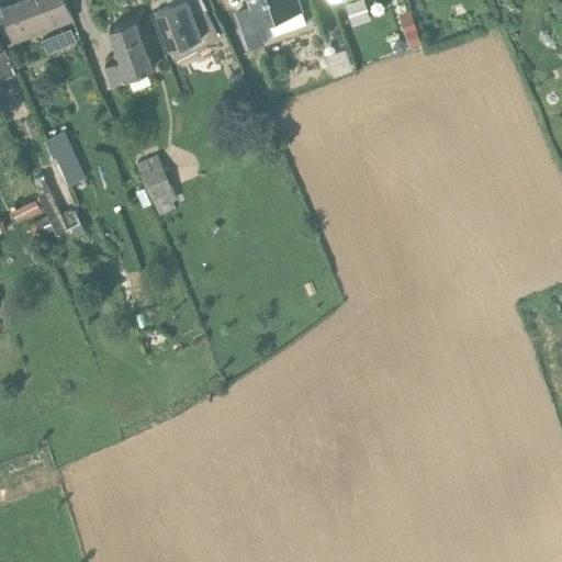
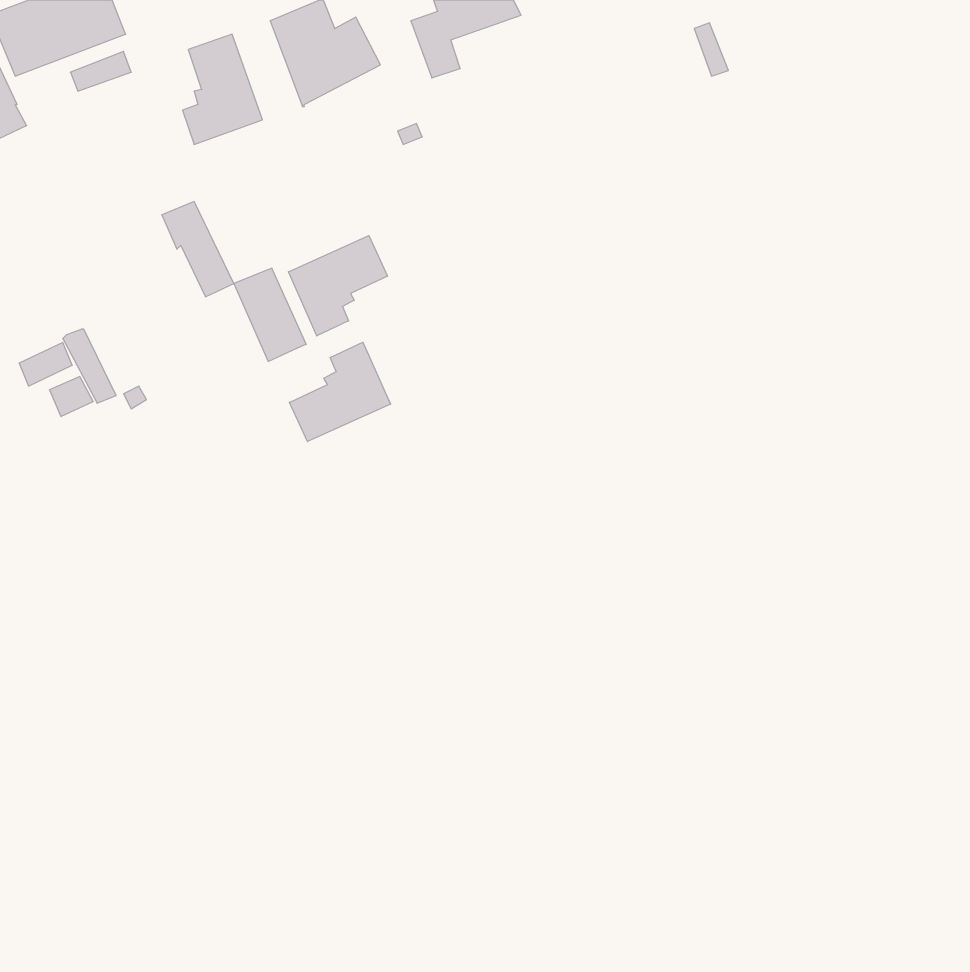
building: [44,132,86,187] -> [162,202,234,297]
building: none -> [288,236,388,336]
building: none -> [289,342,391,442]

